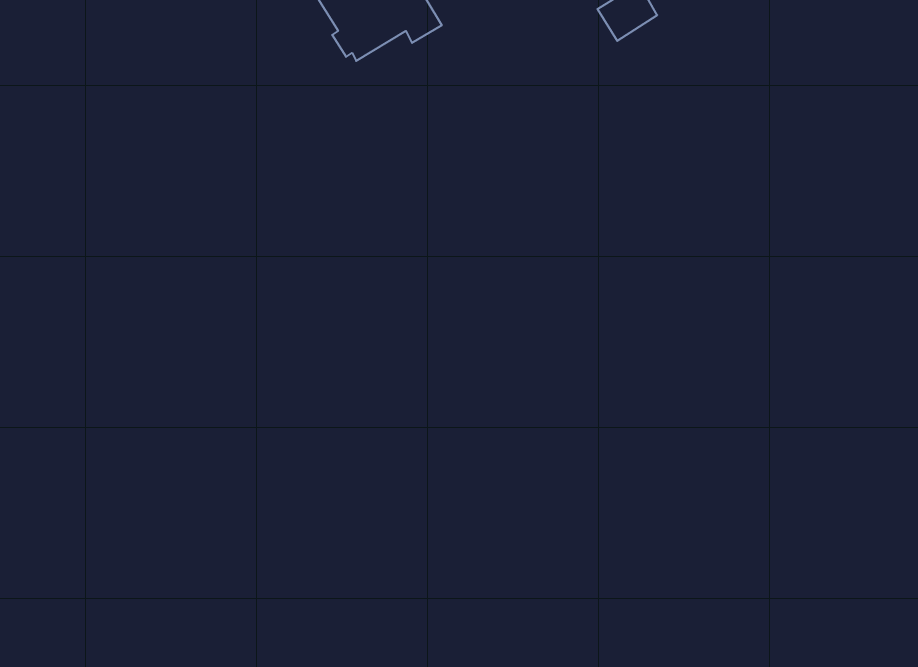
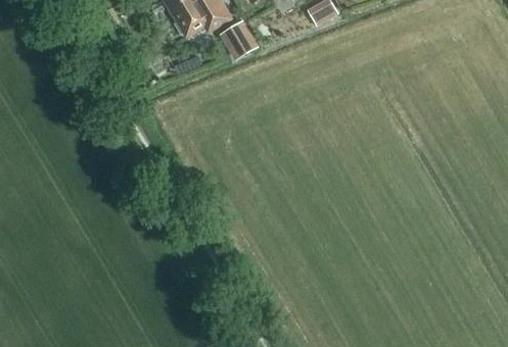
building: none -> [224,19,257,53]

